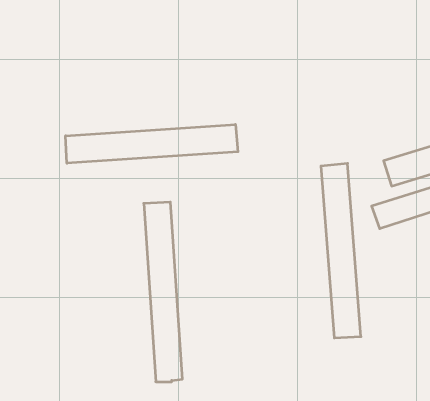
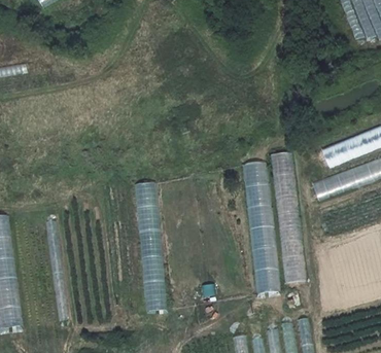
building: [66,124,238,163] -> none
building: none -> [244,160,277,297]

